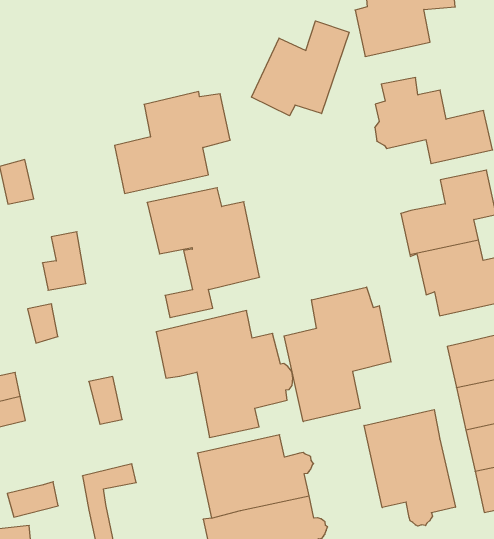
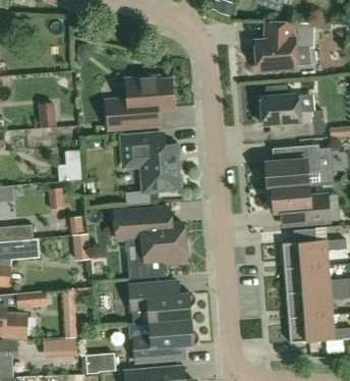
building: [252,21,349,116] -> none
building: [284,287,391,422] -> none
building: [364,410,455,526] -> none

